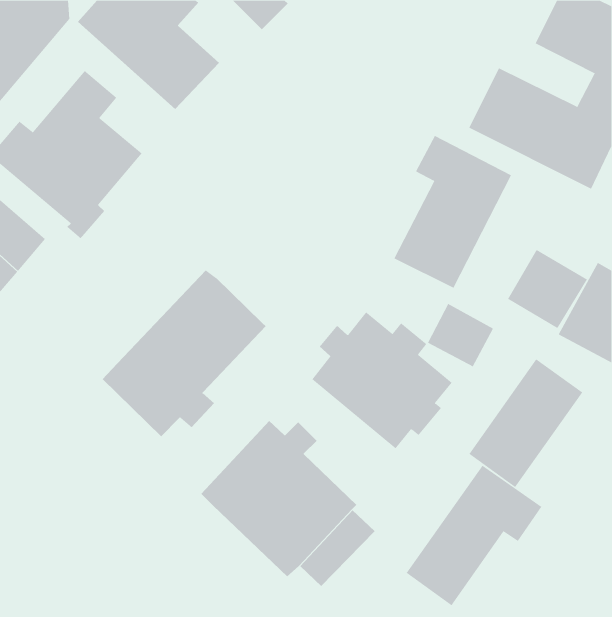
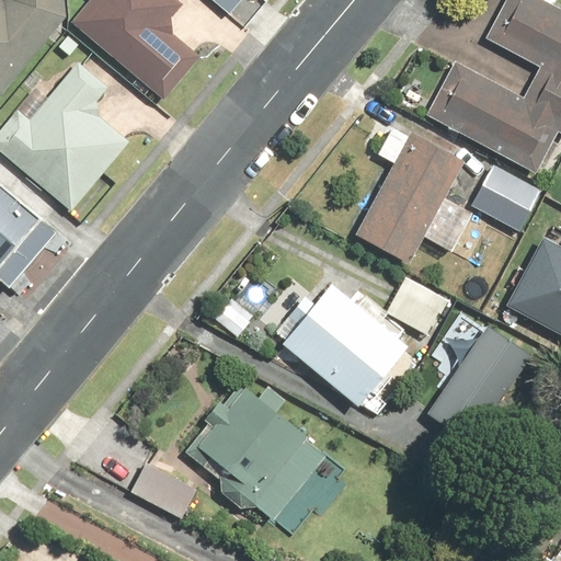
building: [507,249,588,329] -> [471,159,545,231]
building: [102,270,267,437] -> none
building: [406,465,542,606] -> none
building: none -> [127,460,198,519]

